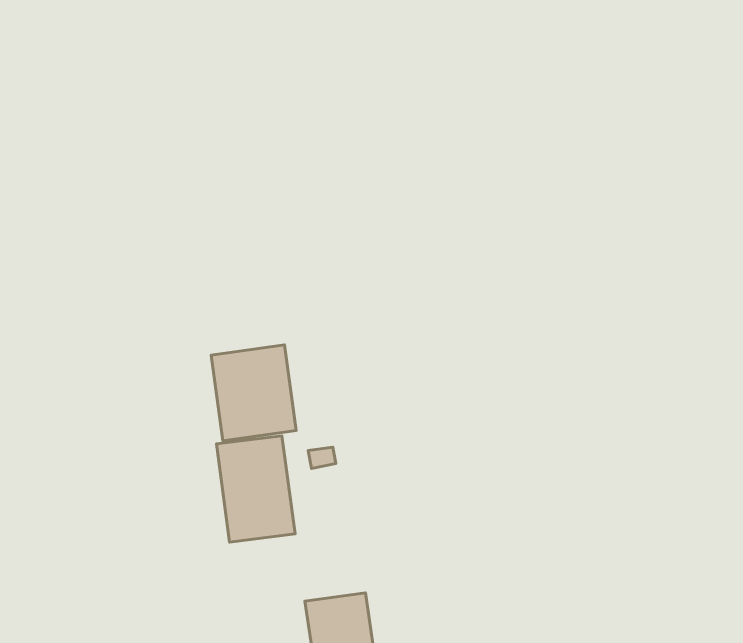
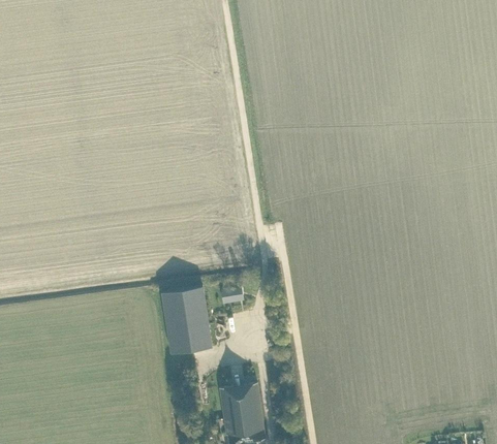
building: [211,345,296,441] -> none

